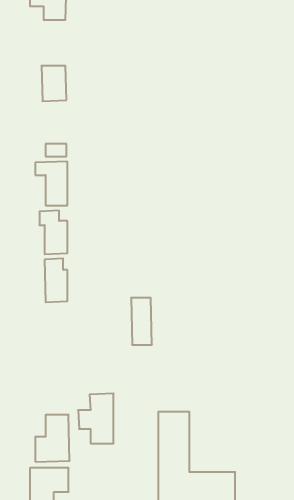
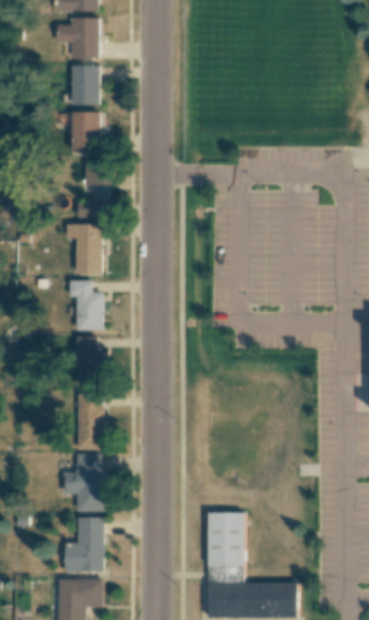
building: none -> [71,65,99,105]
building: none -> [82,162,110,185]
building: [131,298,152,345] -> [77,394,102,448]
building: [78,393,114,443] -> [60,453,102,511]

